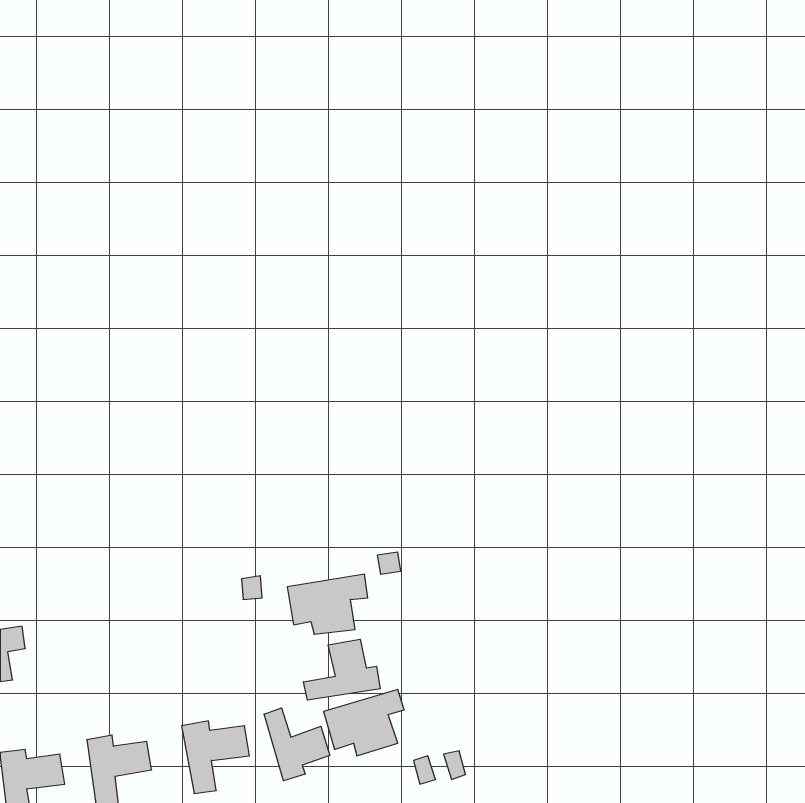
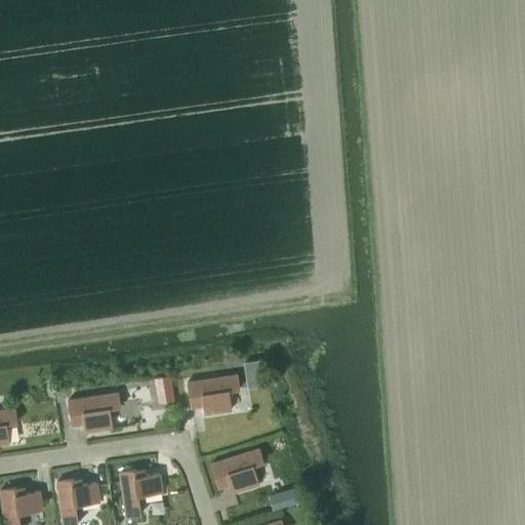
building: none -> [69,394,121,433]
building: [304,639,380,700] -> none
building: [264,708,330,781] -> none

